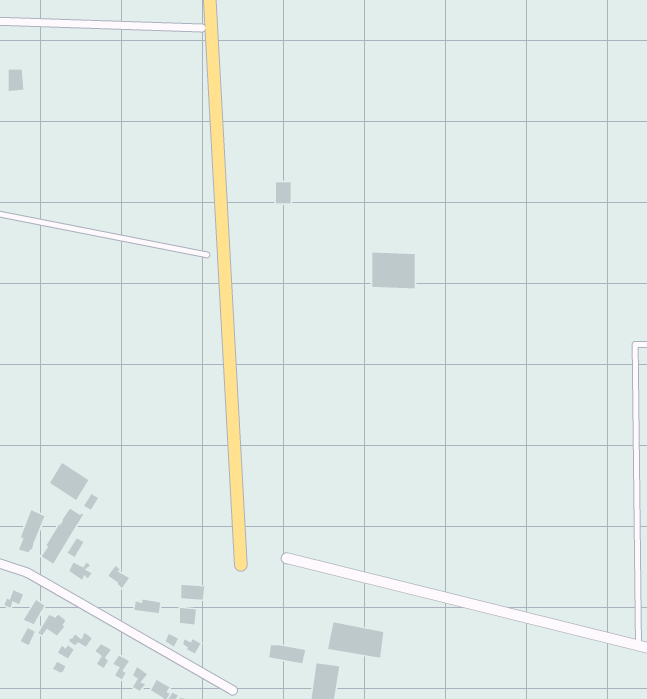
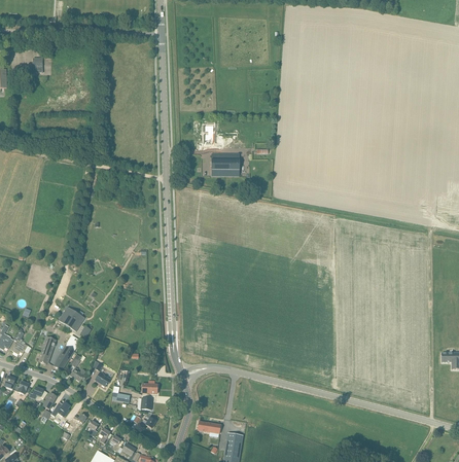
building: [372,252,416,289] -> [211,153,239,177]
building: [327,622,384,658] -> none

